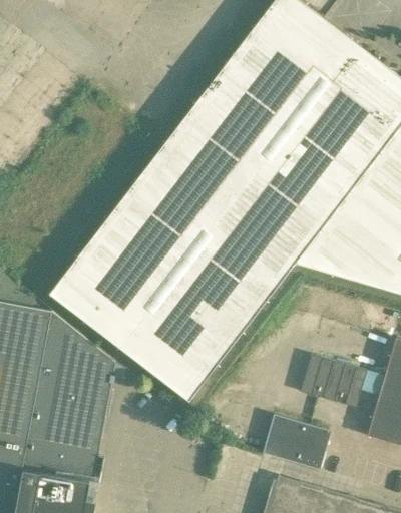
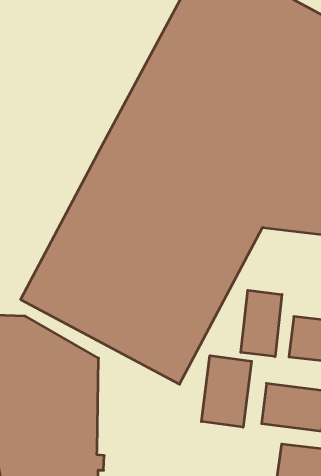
building: none -> [241,290,282,357]
building: none -> [201,356,252,427]

